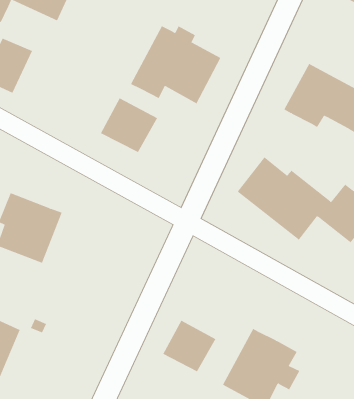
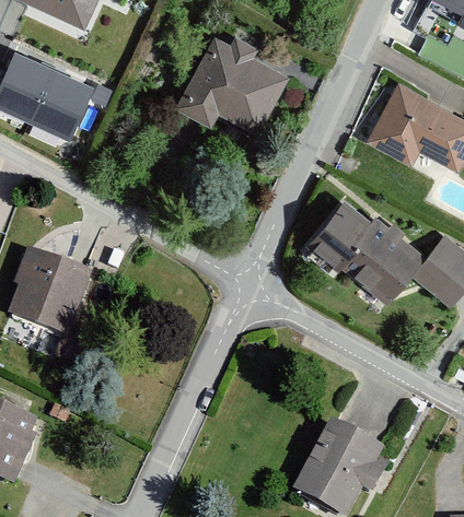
building: none -> [28,69,94,142]
building: [100,98,158,153] -> none
building: [163,320,216,372] -> none

